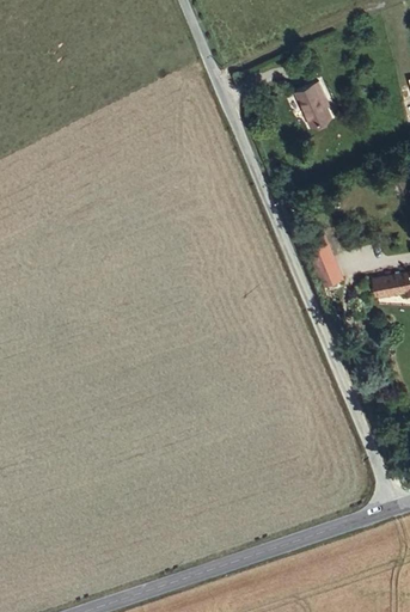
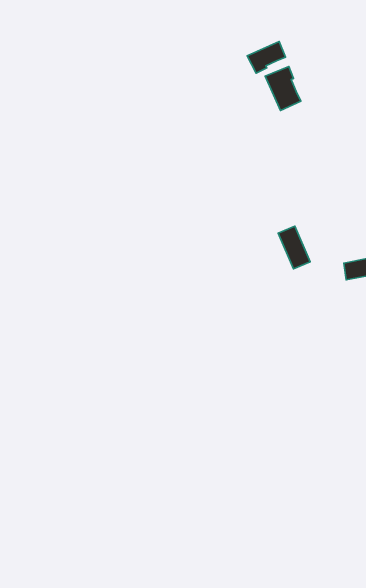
building: none -> [247,41,286,73]

